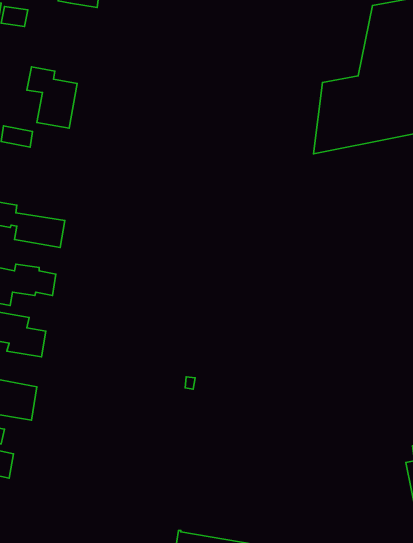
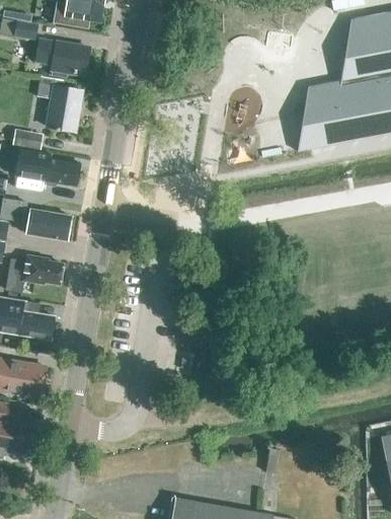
building: none -> [34,39,89,76]
building: none -> [19,153,80,186]

